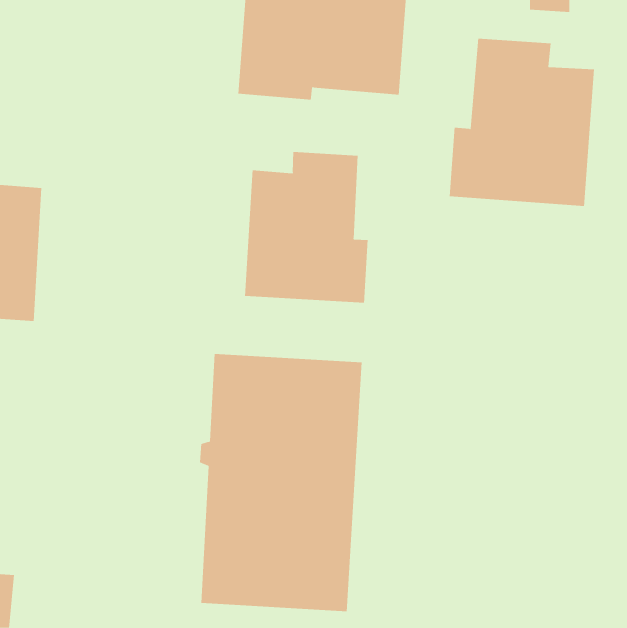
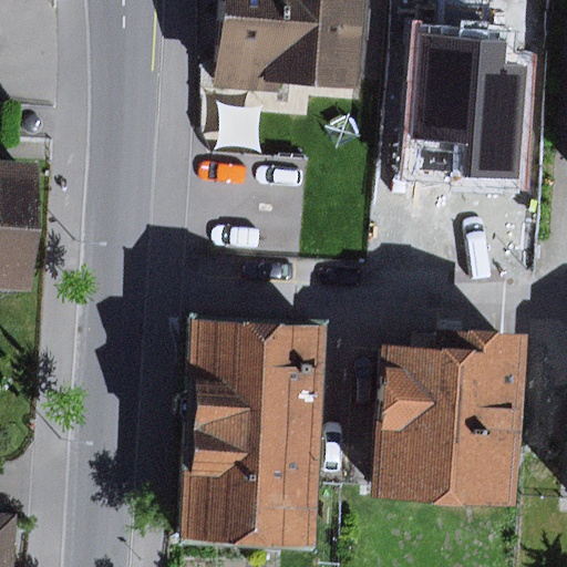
building: [245,151,368,304] -> none
building: none -> [369,329,528,511]

